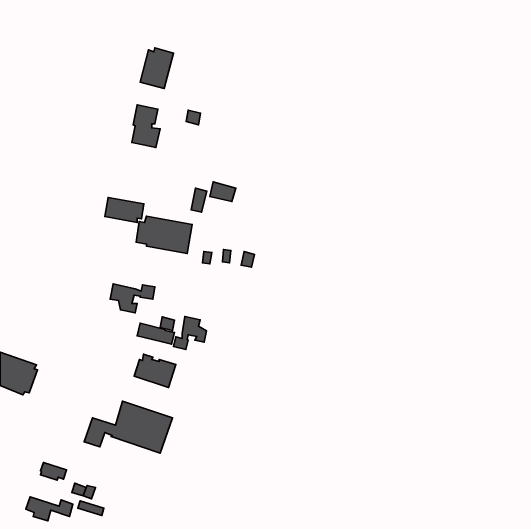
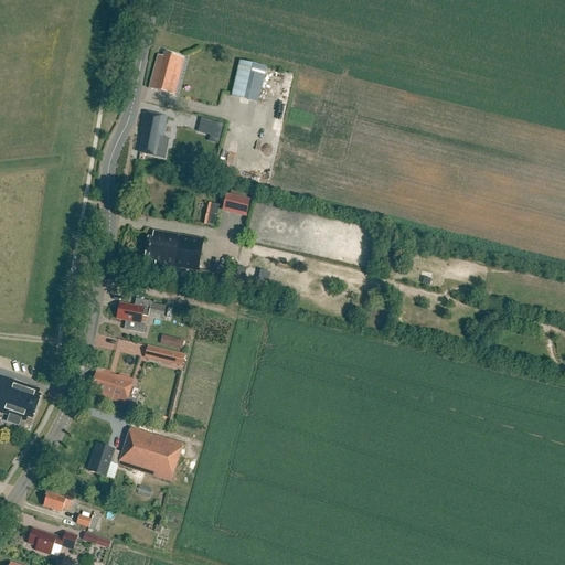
building: none -> [232,58,267,102]
building: [105,197,144,223] -> none
building: [174,316,206,349] -> none
building: [134,354,176,387] -> [89,367,134,403]

